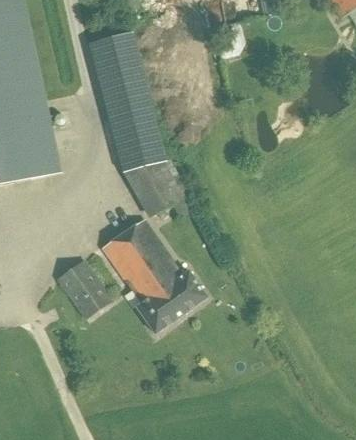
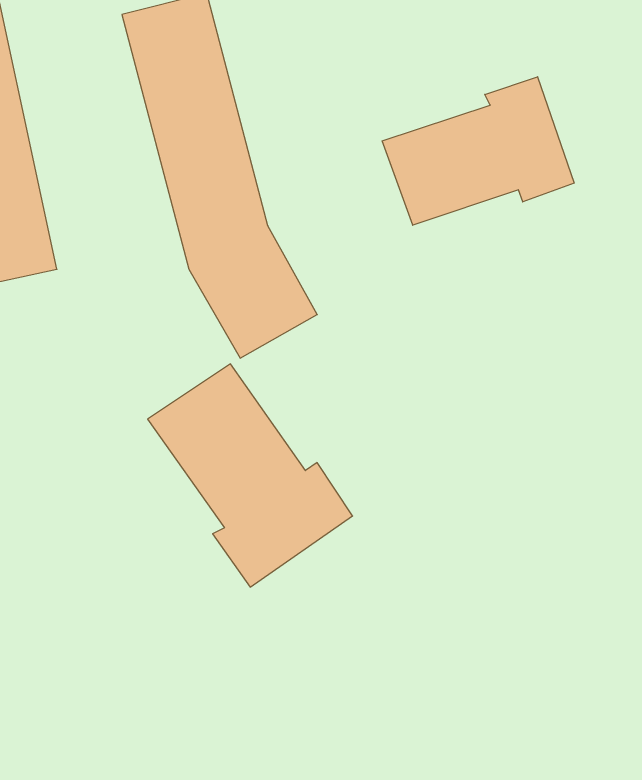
building: none -> [382,77,574,225]
building: [55,258,112,317] -> none

